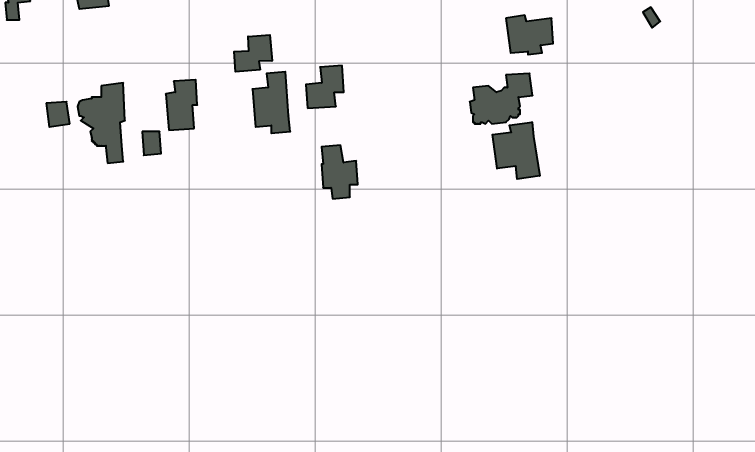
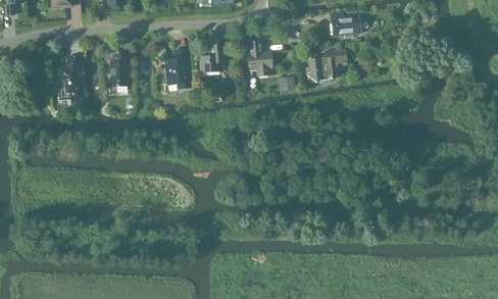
building: [234,35,272,72] -> none
building: [492,122,540,179] -> none
building: [322,145,358,199] -> [248,41,271,76]

